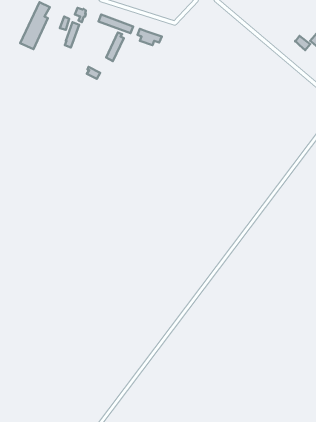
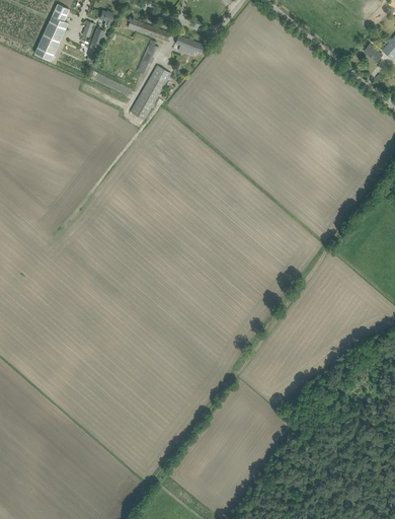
building: none -> [130,65,170,120]

